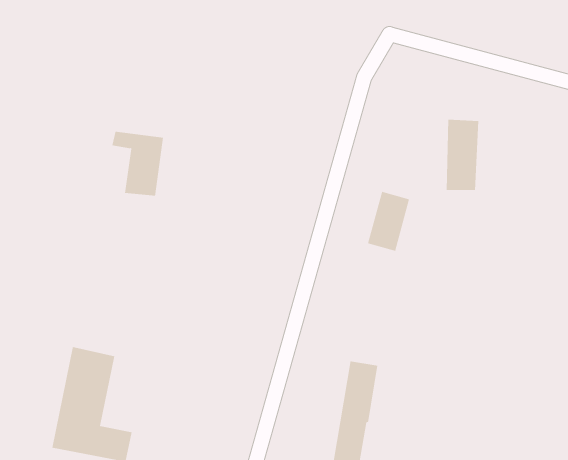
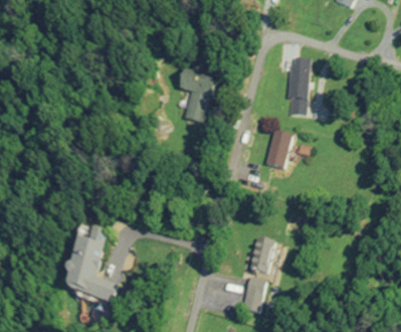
building: [446,119,479,190] -> [288,67,310,113]
building: [112,131,164,196] -> [178,79,211,121]

